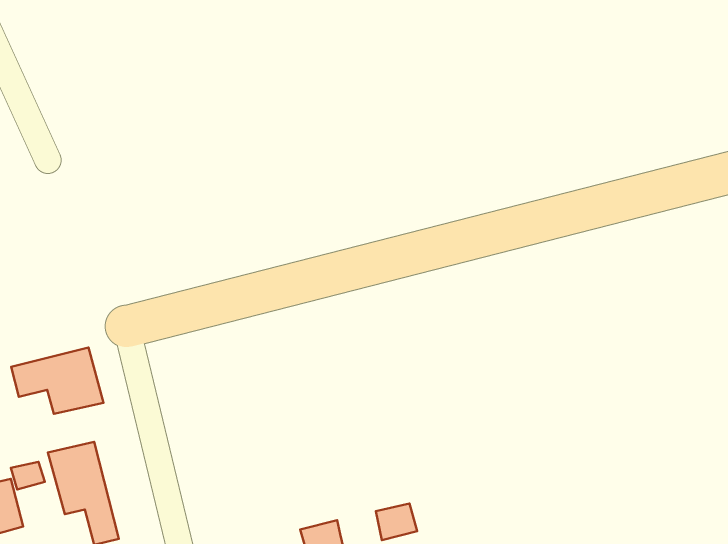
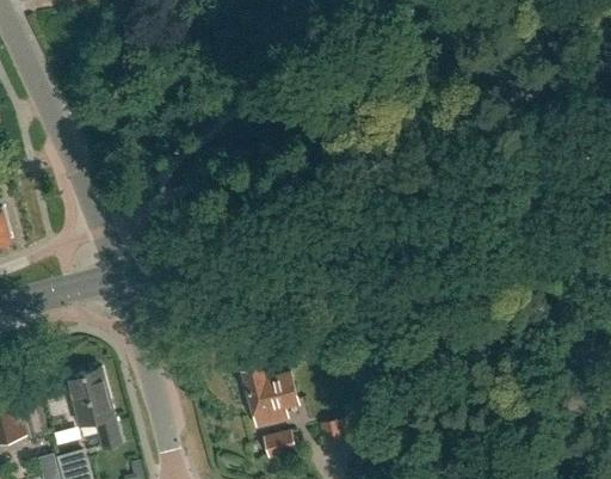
building: [11,347,103,414] -> none
building: none -> [241,368,296,426]

